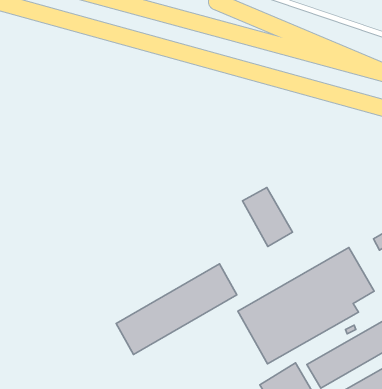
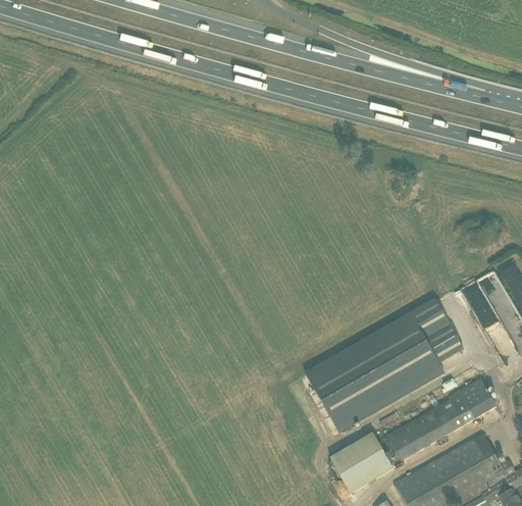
building: [242,187,292,246] -> none
building: [116,264,237,354] -> none

